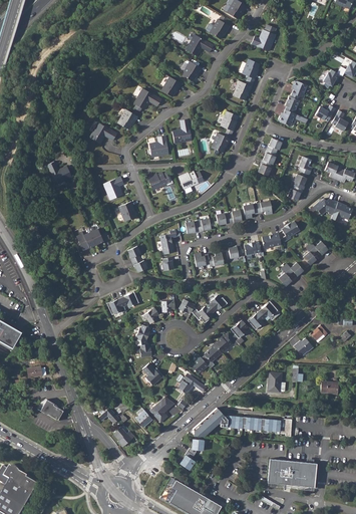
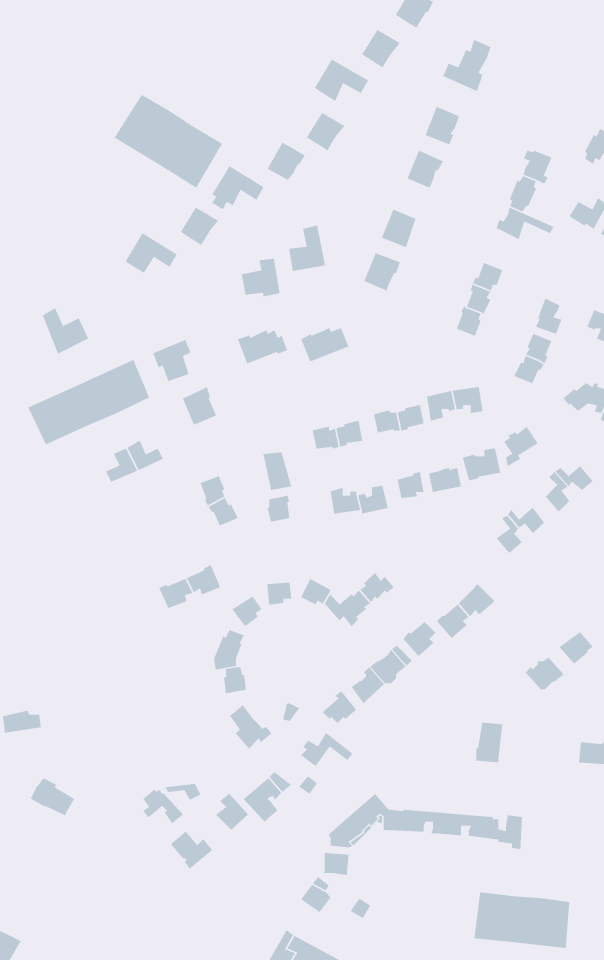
building: none -> [113,94,223,189]
building: none -> [27,359,150,446]

